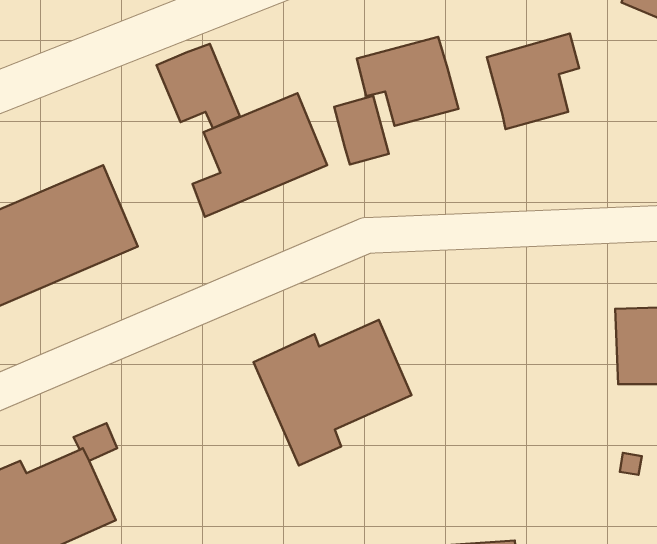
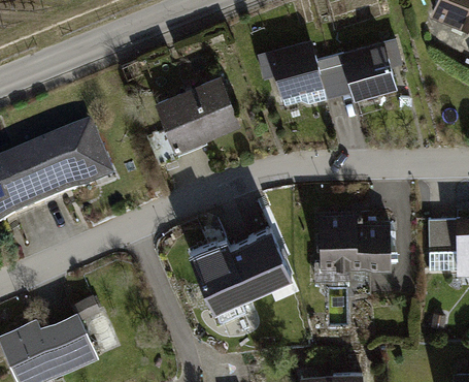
building: [156,44,240,128] -> none
building: [334,96,389,165] -> [317,54,354,99]
building: none -> [314,211,391,283]

